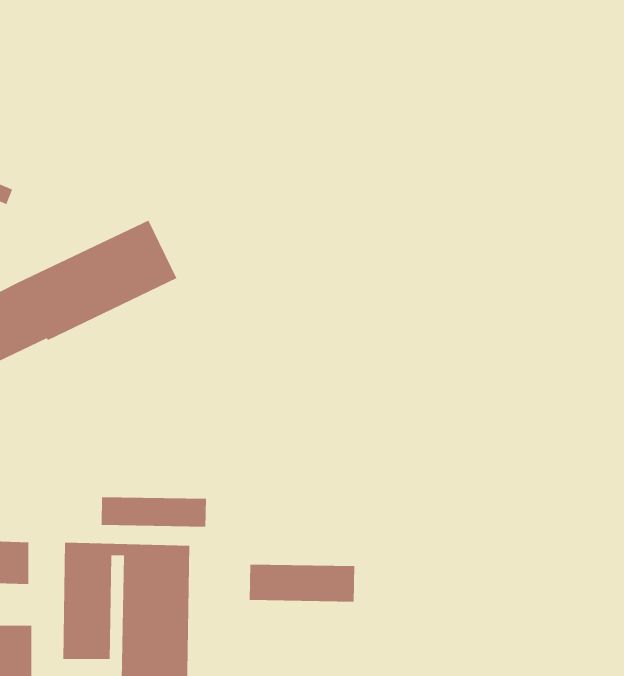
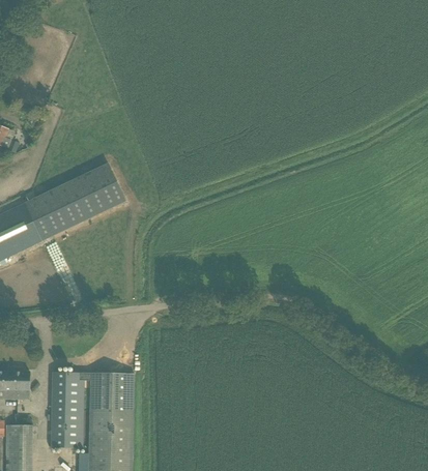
building: [101,496,207,527] -> none
building: [249,564,355,602] -> none

